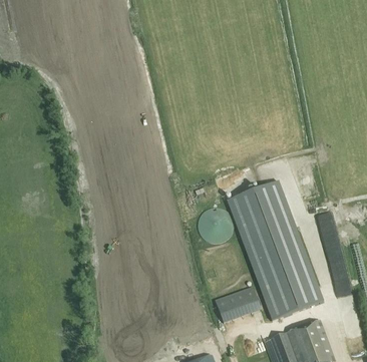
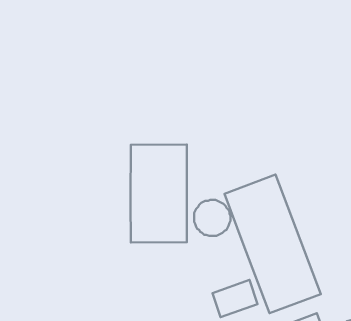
building: none -> [131,145,187,243]

